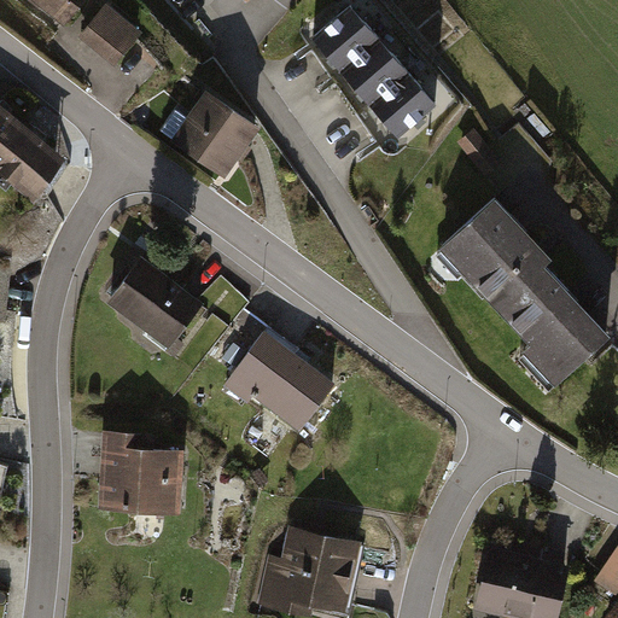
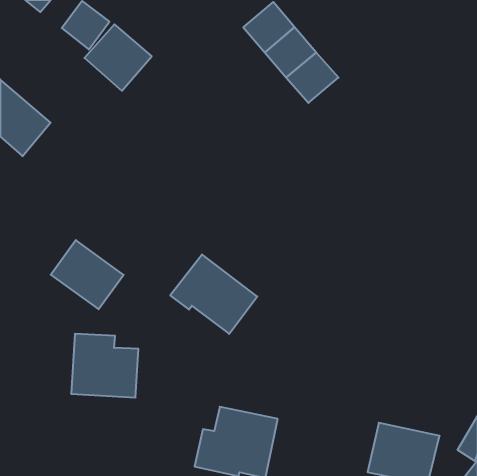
building: [175,94,262,180] -> [84,24,152,91]
building: [438,199,612,390] -> none
building: [104,258,198,348] -> [51,240,124,309]

